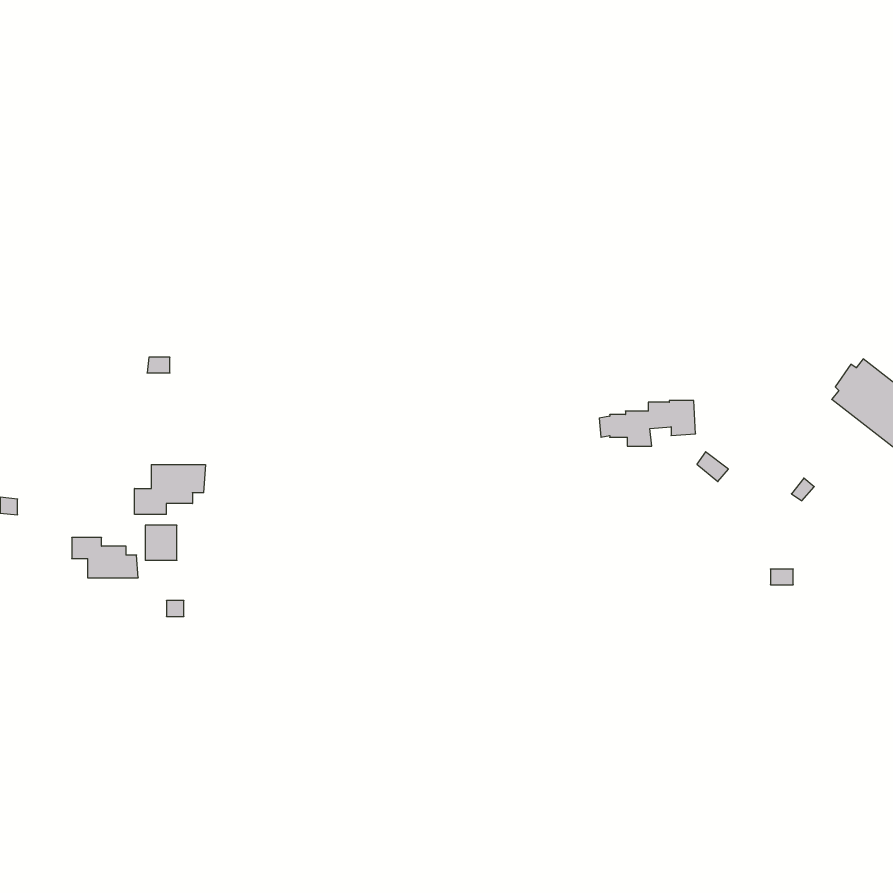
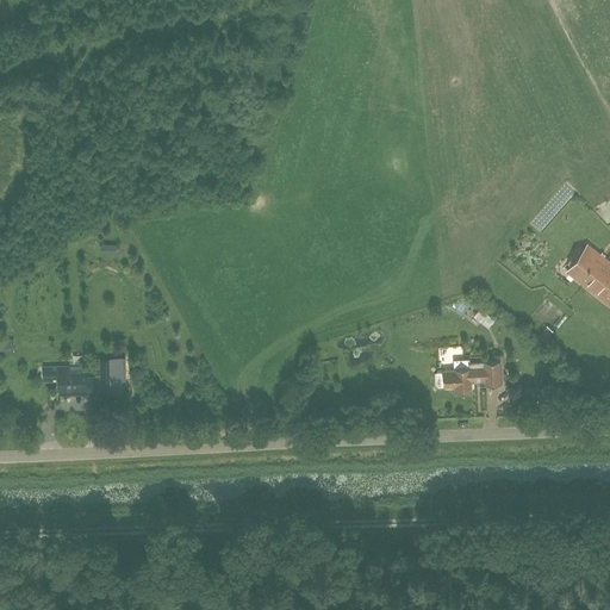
building: [599,401,696,446] -> [437,362,503,393]
building: [135,465,205,514] -> none

